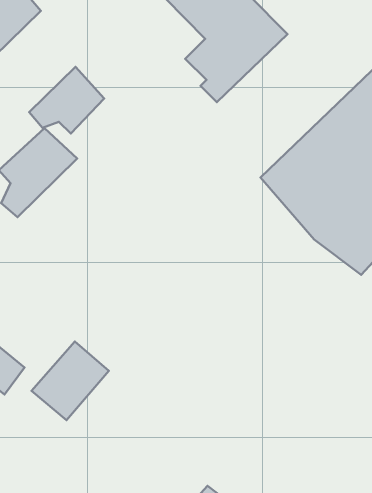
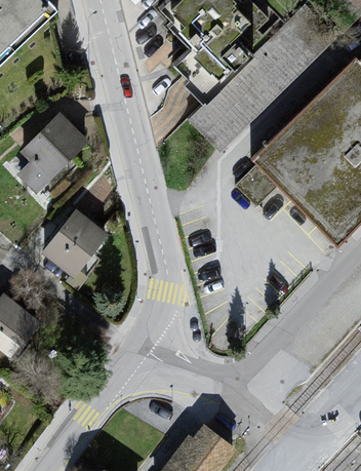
building: [29,67,104,133] -> none
building: [31,341,109,420] -> [40,209,108,278]

